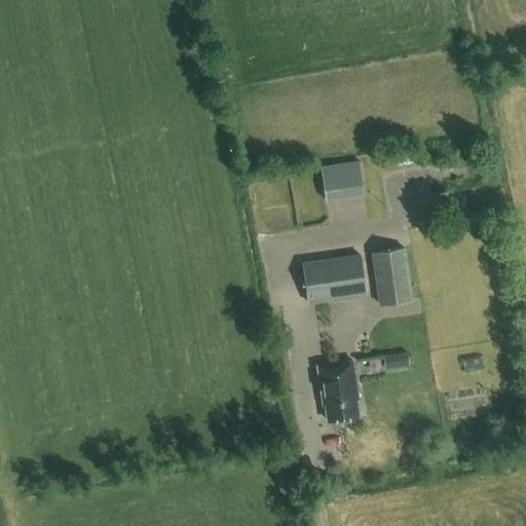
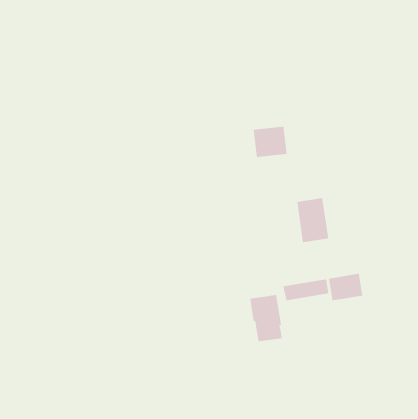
building: [303,255,368,304] -> none
building: none -> [329,273,363,301]

